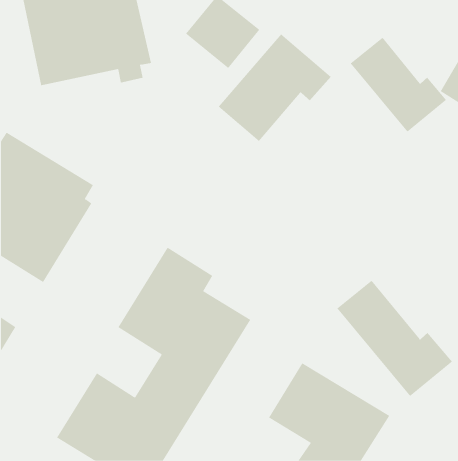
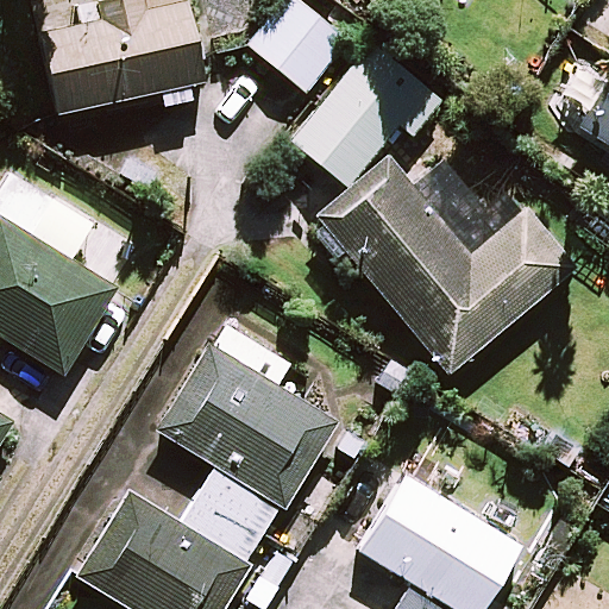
building: [350,37,447,133] -> none
building: none -> [320,161,576,372]
building: [337,280,453,397] -> none

